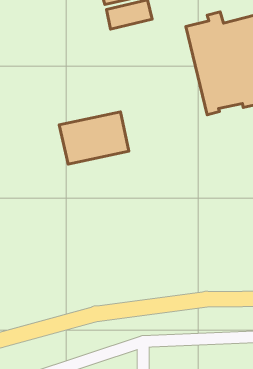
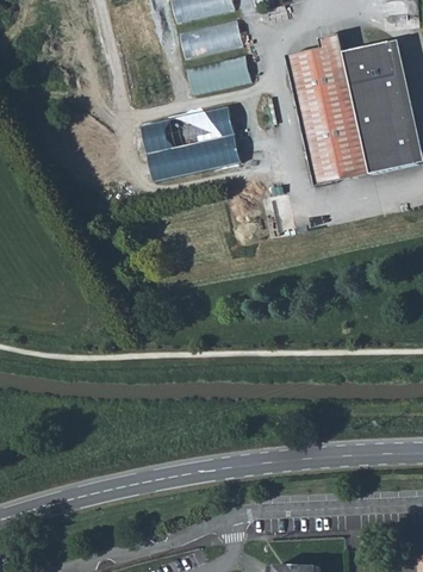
building: none -> [182,54,251,97]
building: [59,112,129,164] -> [139,106,241,182]

